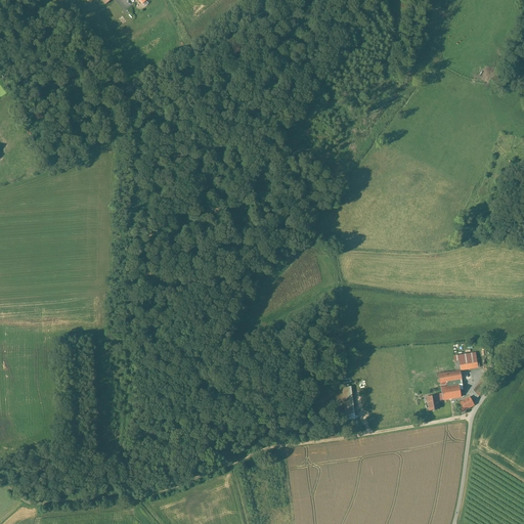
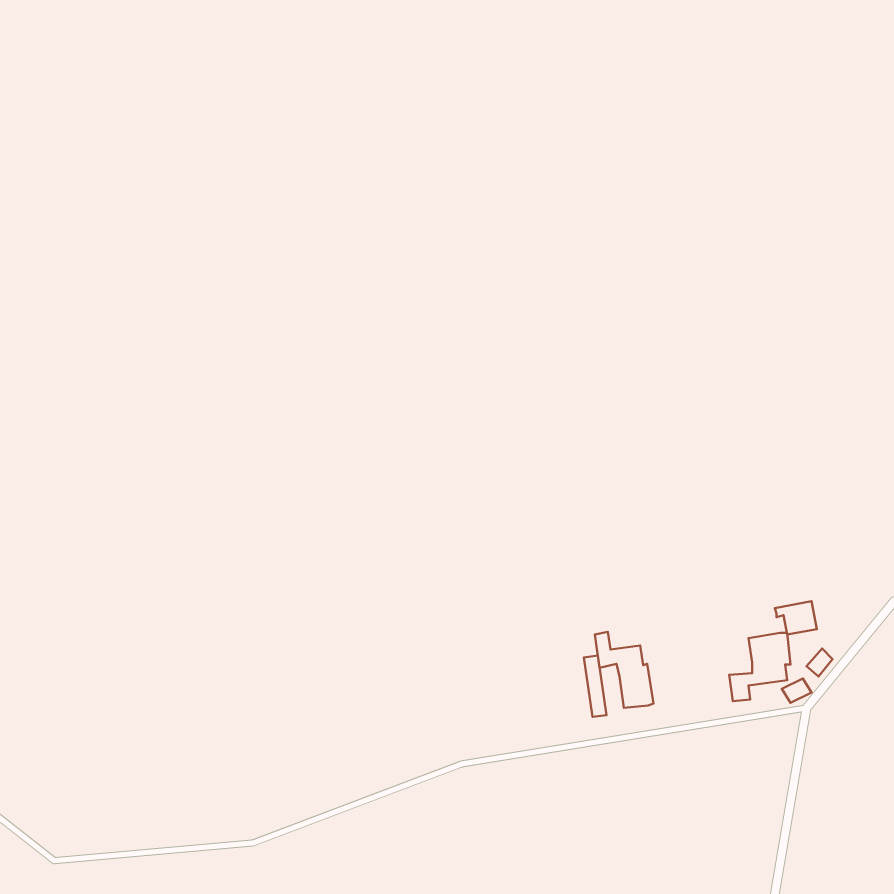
building: none -> [595,632,653,708]

